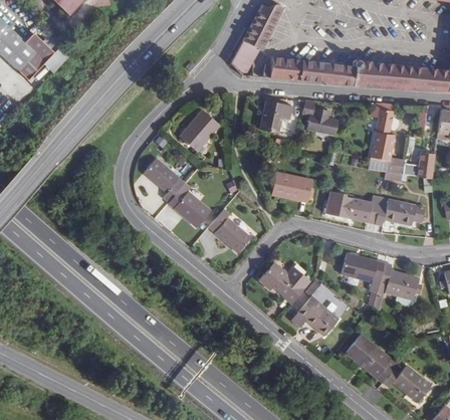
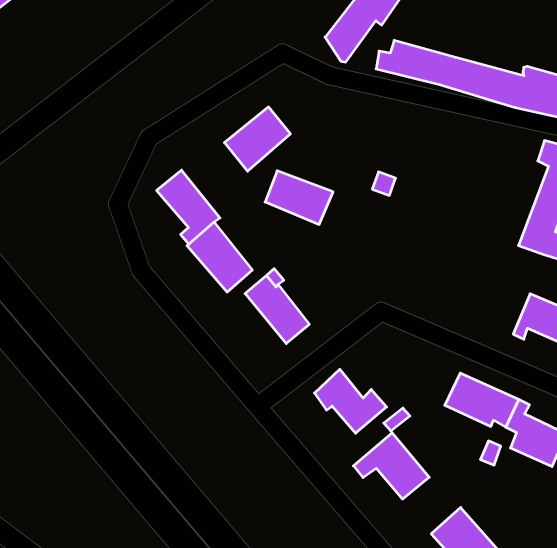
building: [260,100,292,133] -> none
building: [302,100,339,135] -> none
building: [272,173,312,201] -> [265,171,333,224]
building: [323,193,381,223] -> none

